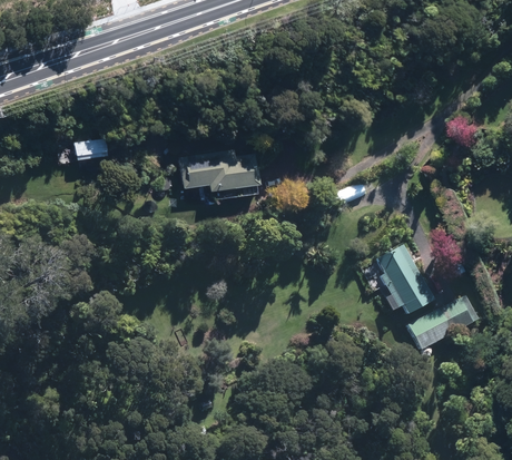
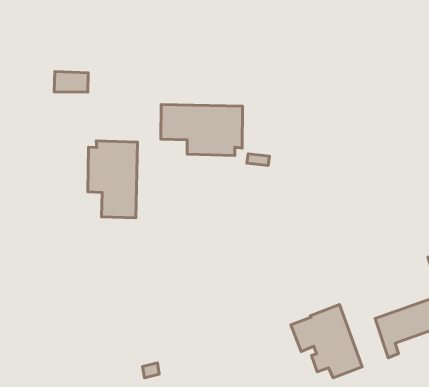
building: none -> [88,141,137,218]
building: [361,246,433,315] -> [291,305,362,378]

